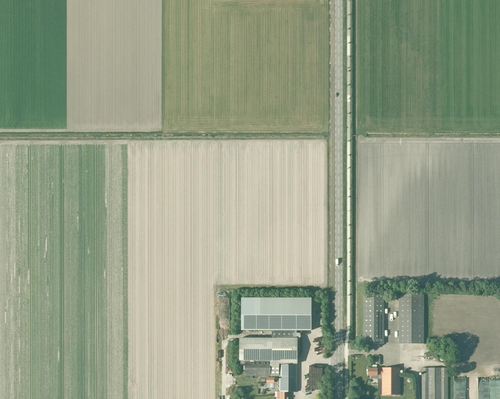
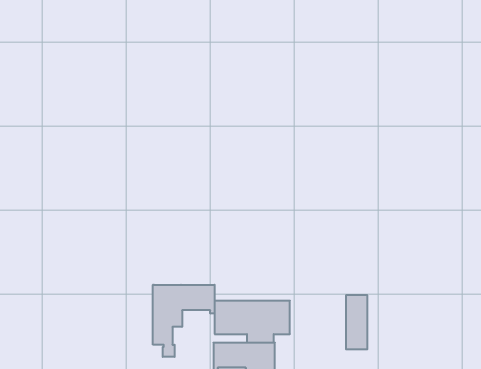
building: none -> [153,285,215,357]
building: [398,294,423,344] -> none

